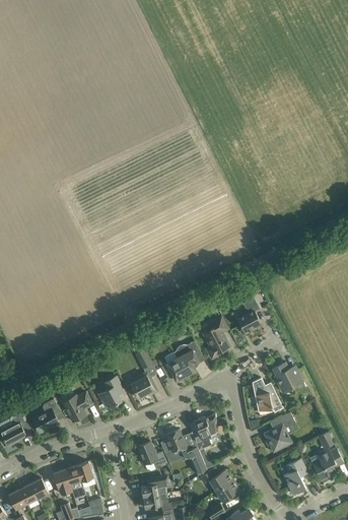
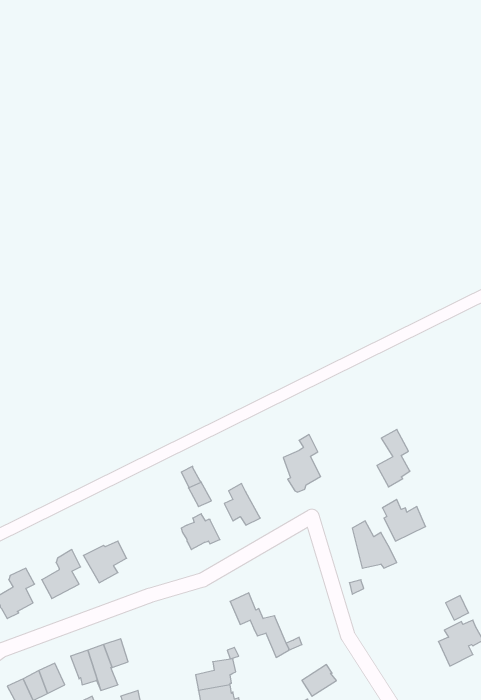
building: [236,294,260,334] -> [377,429,410,487]
building: [172,340,203,376] -> none
building: [97,376,124,409] -> none
building: [263,412,294,452] -> none
building: [192,413,224,450] -> none
building: [136,441,166,469] -> none
building: [283,458,307,495] -> none
building: [200,469,232,491] -> none

